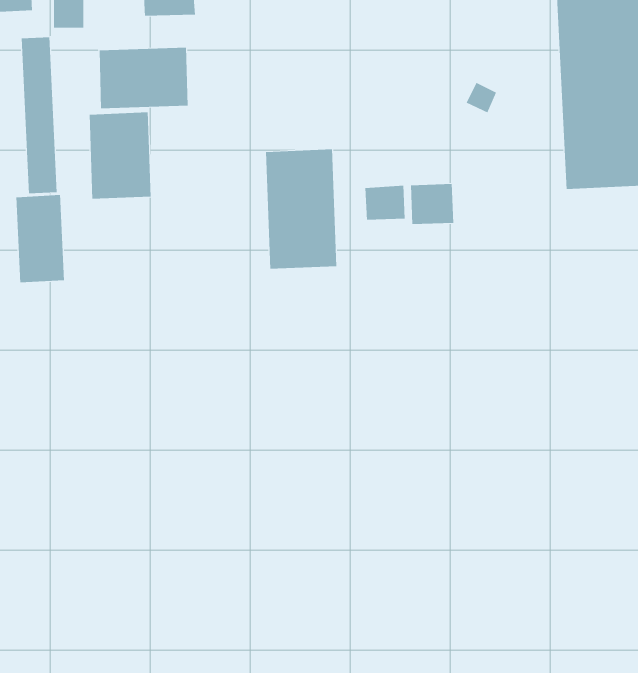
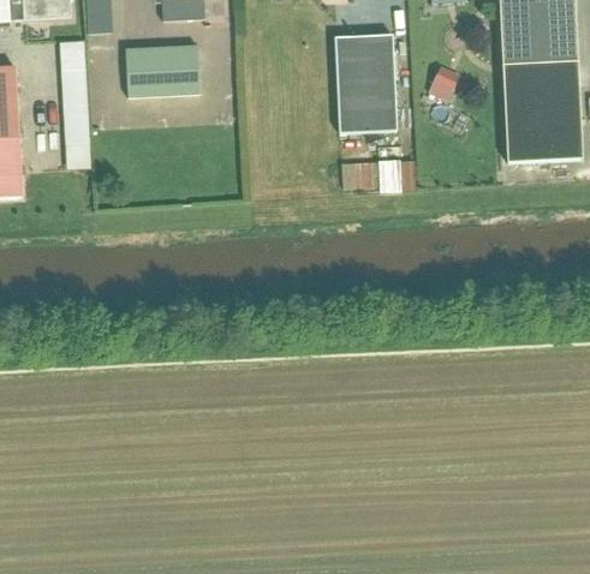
building: [89,112,151,200] -> none
building: [265,149,337,269] -> [336,32,395,131]
building: [16,194,65,283] -> none

